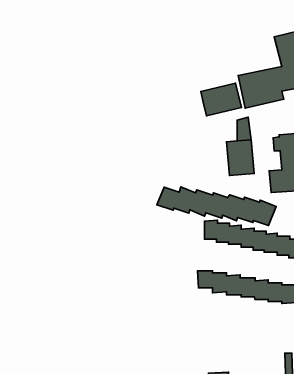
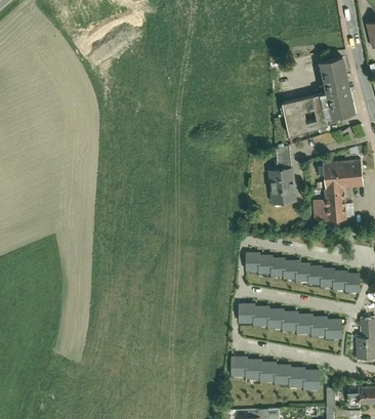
building: [201,83,242,116] -> none
building: [157,187,276,225] -> none
building: none -> [233,357,319,389]

